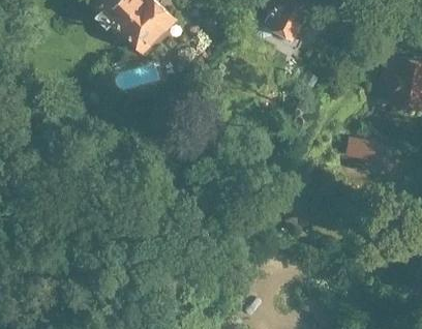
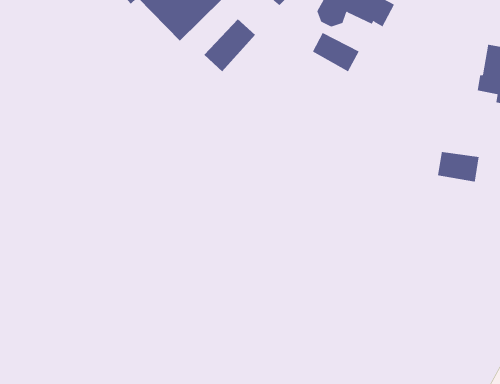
building: none -> [203,19,256,72]
building: none -> [312,32,359,72]

